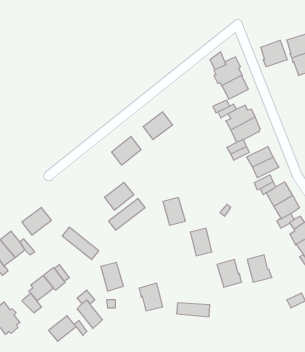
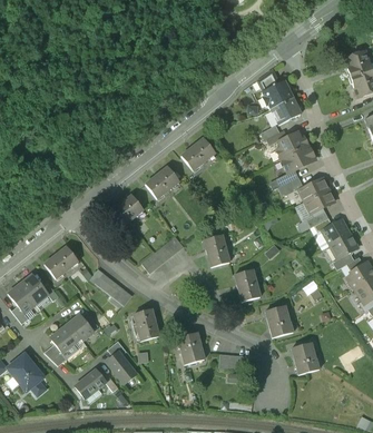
building: [261,40,287,67] -> none
building: [104,183,134,210] -> [110,195,144,226]
building: [247,255,272,282] -> [292,342,320,373]

